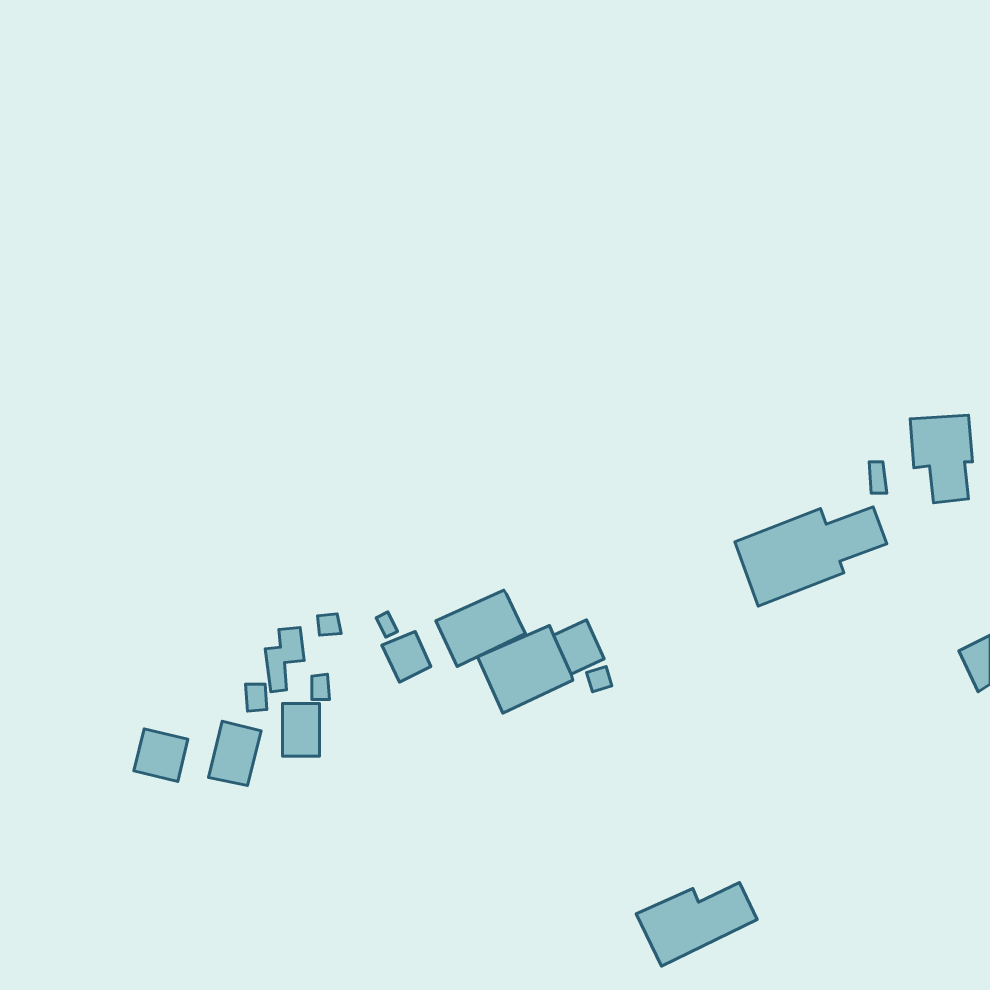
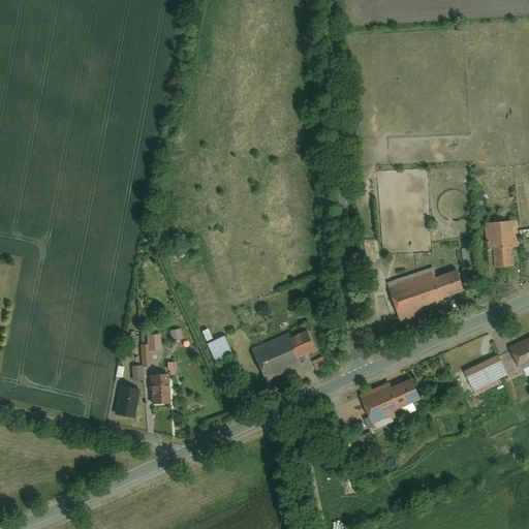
building: [436,590,525,667] -> none
building: none -> [466,355,508,390]
building: [134,729,188,782] -> none
building: [636,883,757,966] -> [356,376,421,421]

